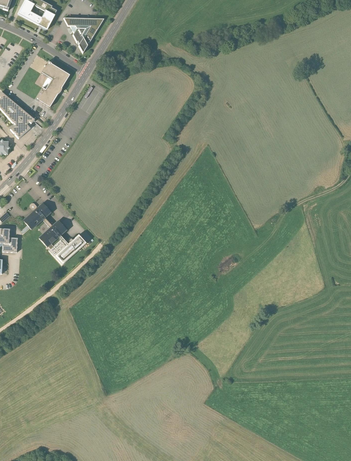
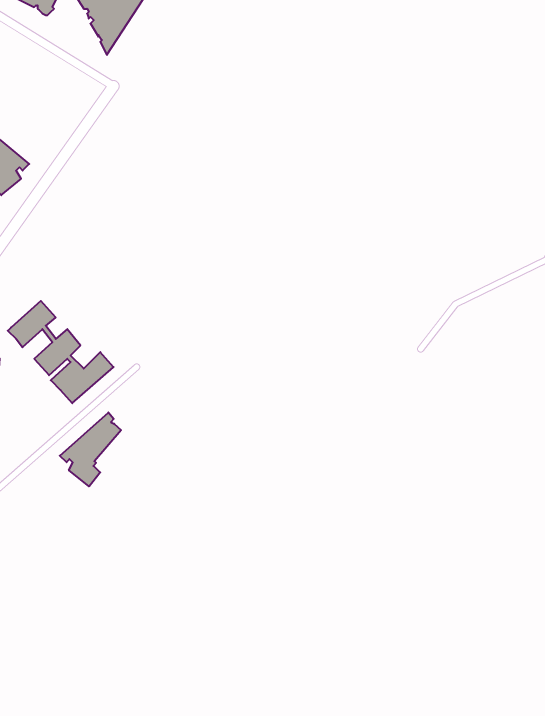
building: [35,61,69,107] -> none
building: none -> [60,412,121,486]

